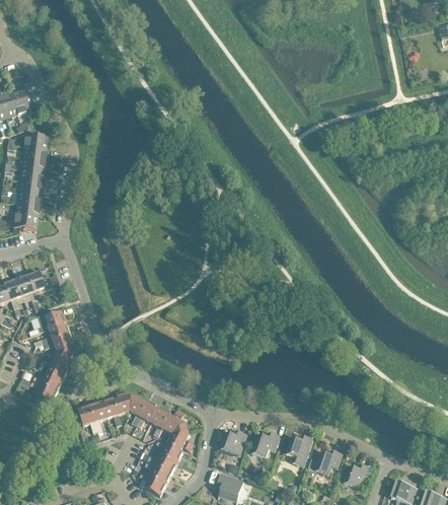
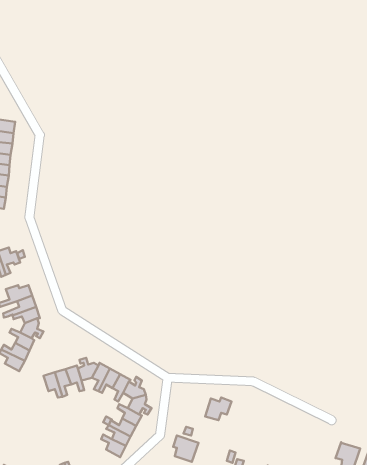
building: [220,430,247,455] -> none
building: [286,435,313,465] -> none
building: [308,449,343,475] -> none
building: [344,463,371,487] -> none

